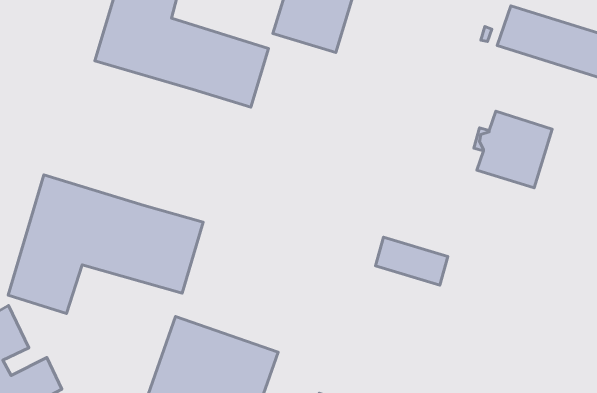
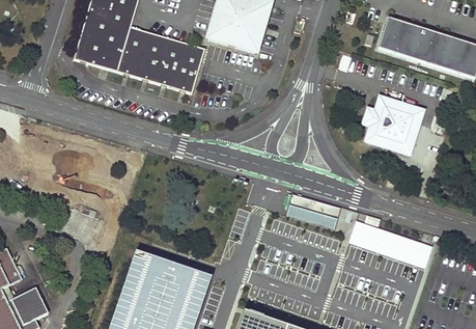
building: [8,175,203,313] -> none
building: none -> [348,219,432,268]

